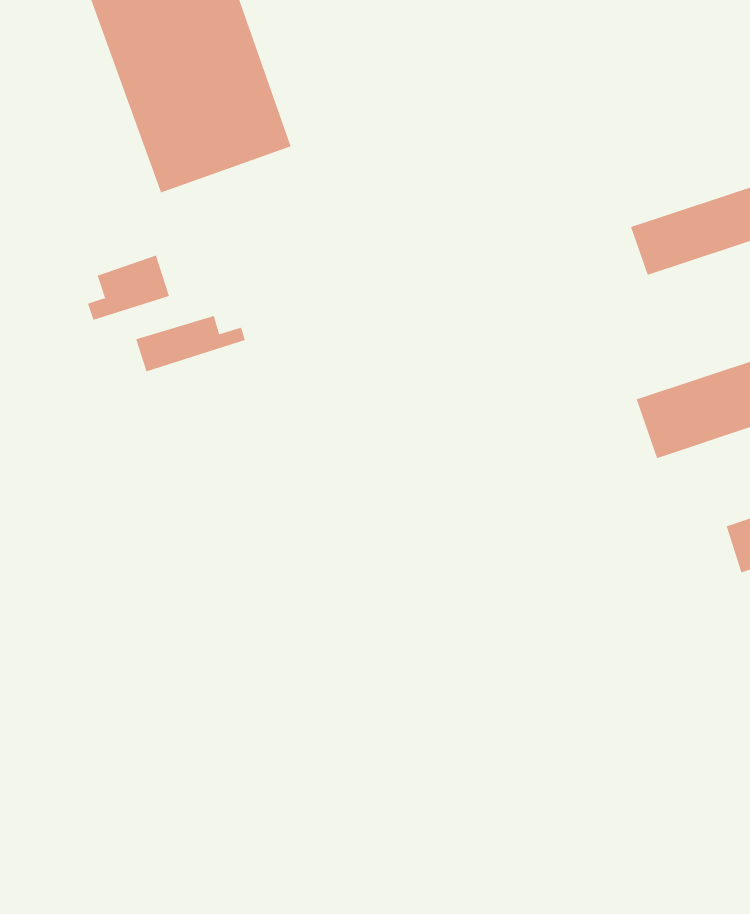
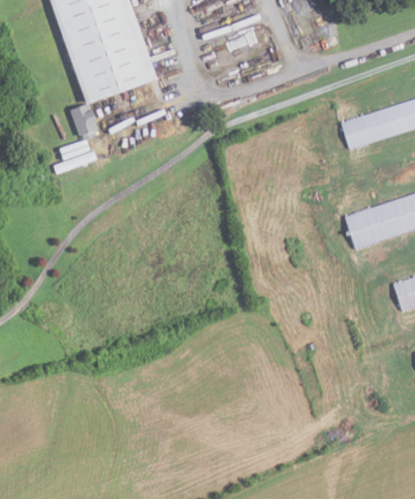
building: none -> [71,105,99,140]
building: [136,315,245,372] -> none

